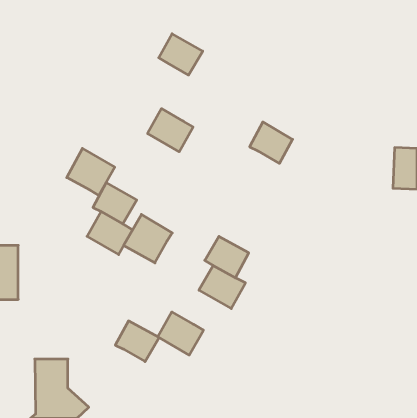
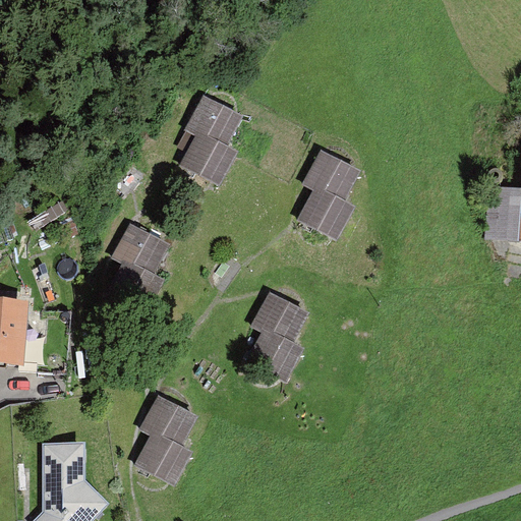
building: [159,34,203,75] -> [188,98,242,149]
building: [67,148,115,196] -> none
building: none -> [299,185,355,238]
building: [124,214,172,263] -> none
building: [158,312,203,355] -> [134,428,190,481]

